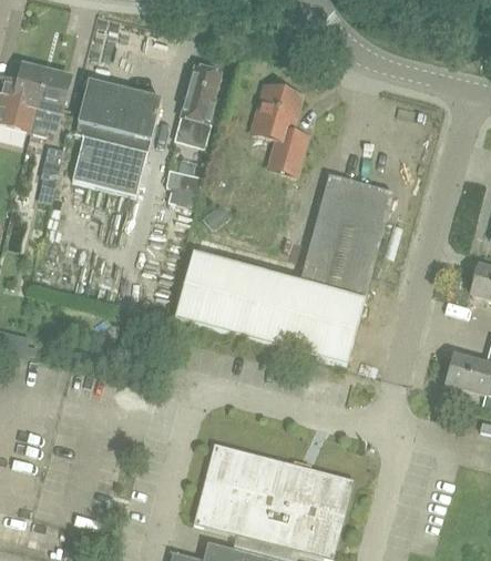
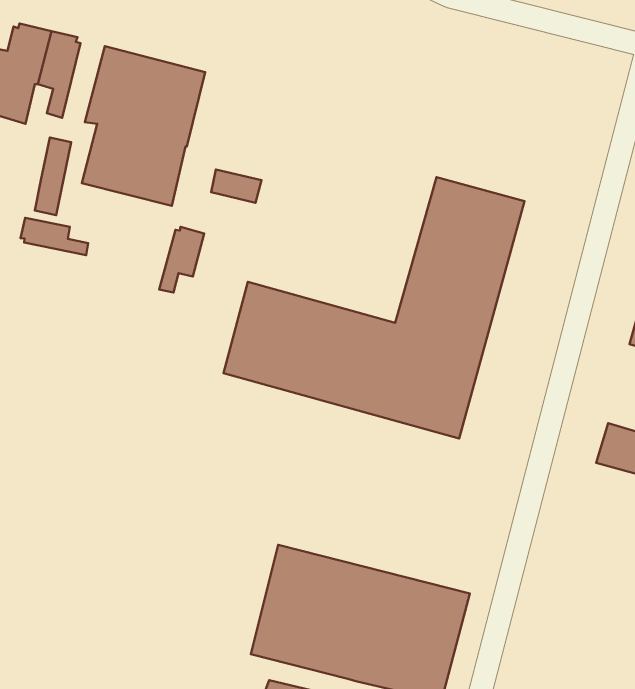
building: [174,64,221,147] -> none
building: [252,84,307,174] -> none
building: none -> [21,218,88,255]
building: none -> [159,227,204,293]

